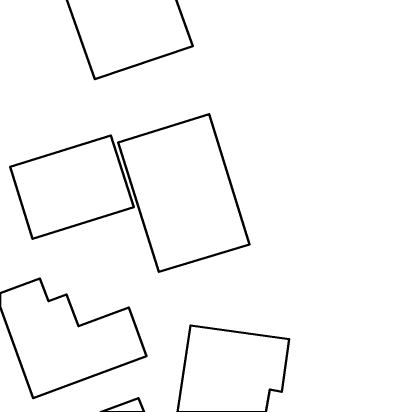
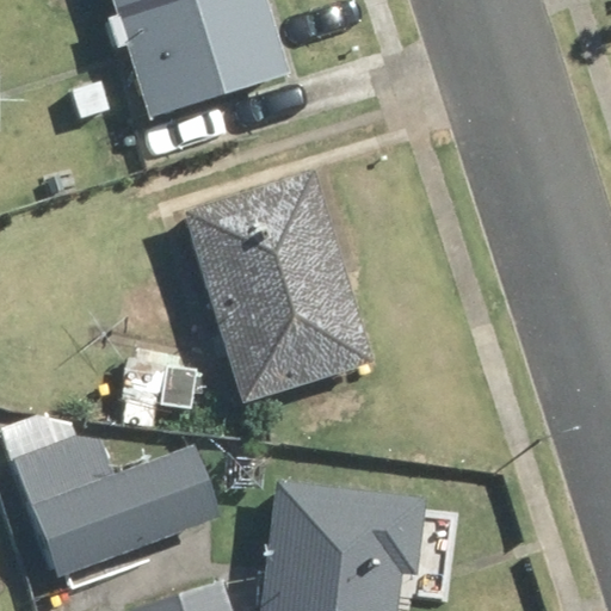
building: [10,135,134,239] -> none

